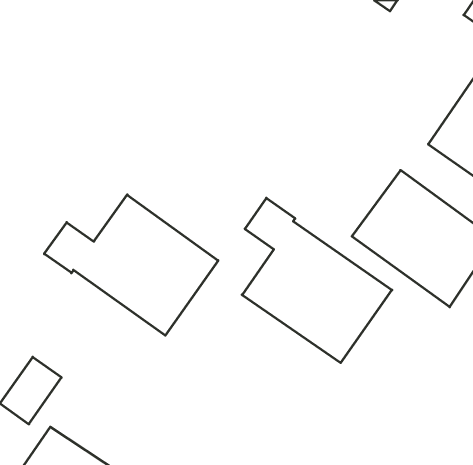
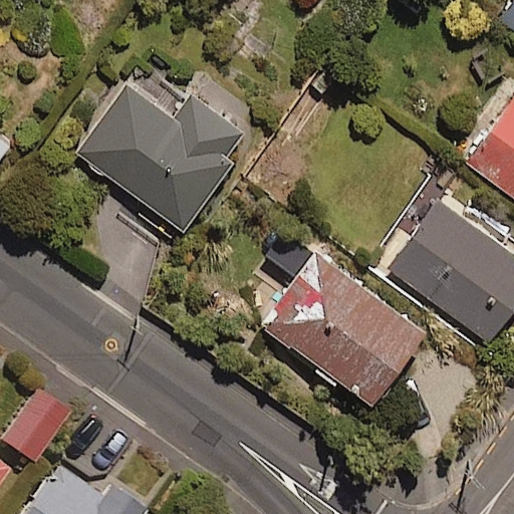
building: none -> [78,86,241,232]
building: [44,195,218,335] -> none

